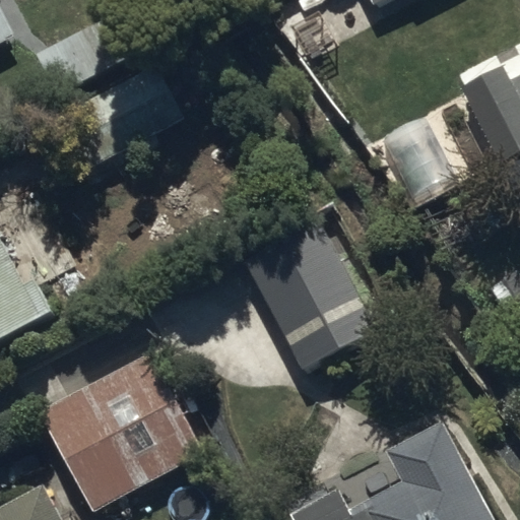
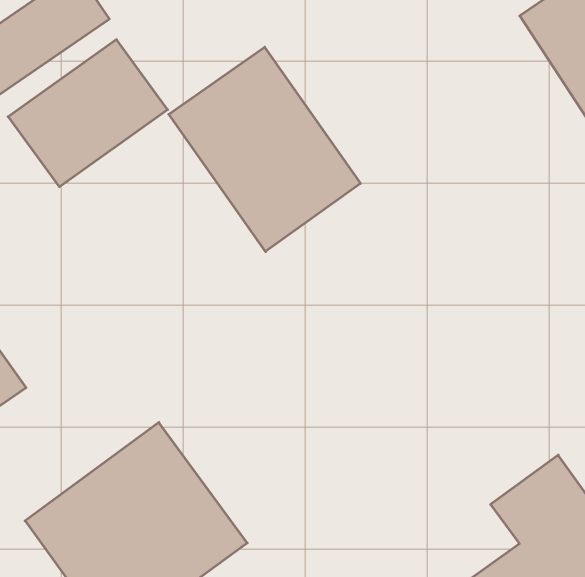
building: none -> [169,47,360,252]
building: [244,219,380,374] -> none

